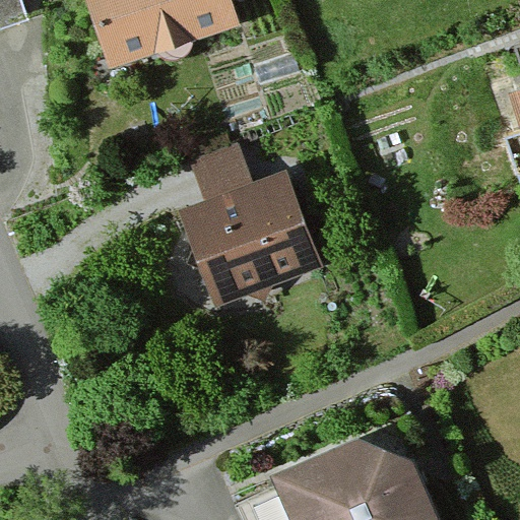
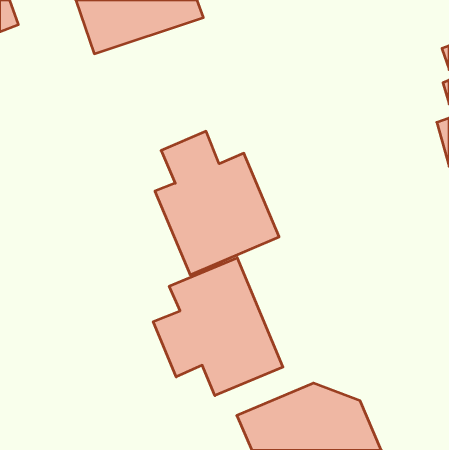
building: none -> [153,258,283,396]

